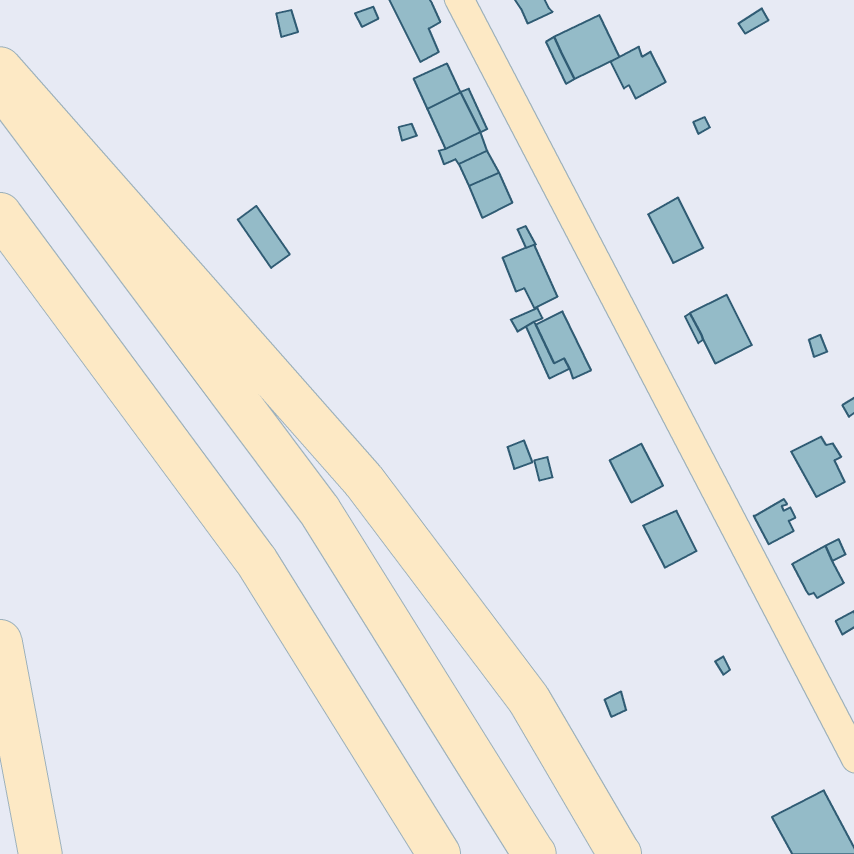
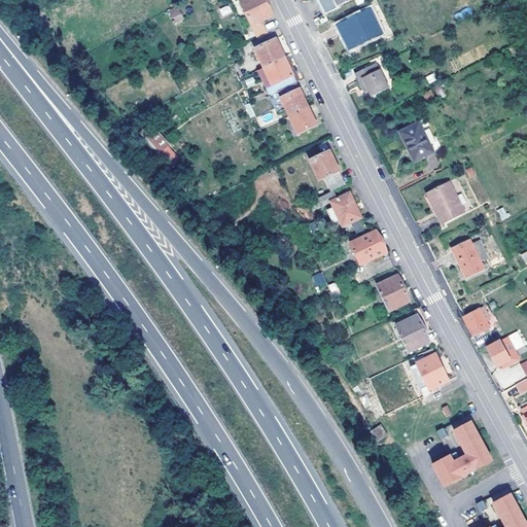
building: [610,47,666,99] -> [354,65,388,97]
building: none -> [346,224,384,261]
building: [791,437,845,497] -> [451,240,484,277]
building: none -> [411,352,449,388]
building: none -> [432,413,492,485]

